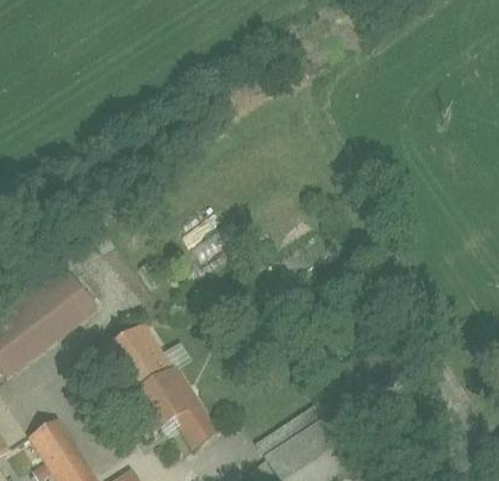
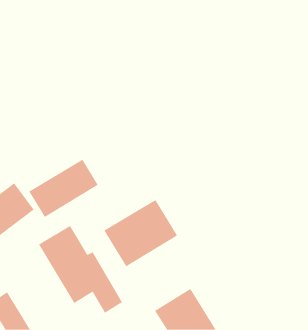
building: none -> [29,159,99,218]
building: none -> [104,199,178,267]

